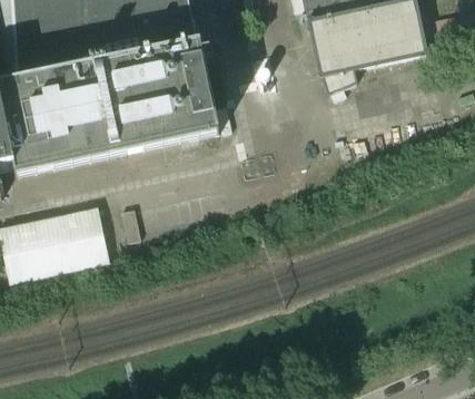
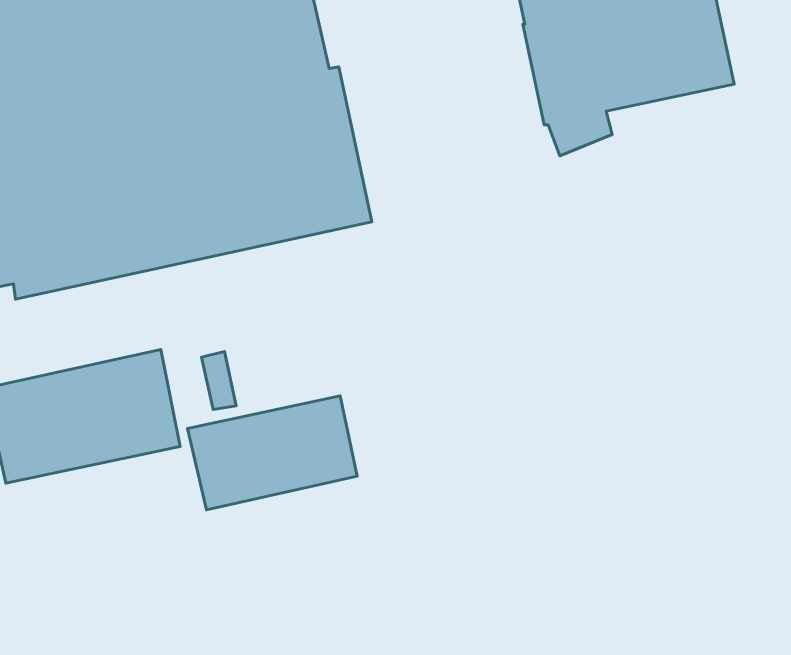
building: none -> [188,396,357,510]

